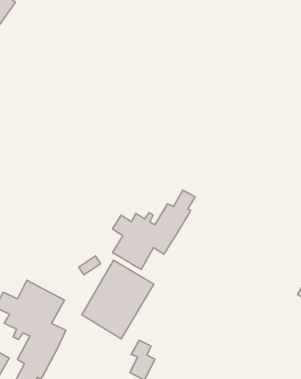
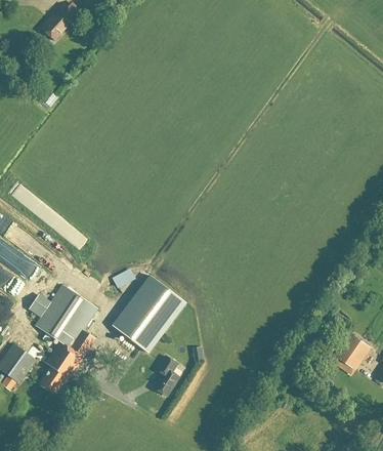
building: [113,190,195,269] -> none

